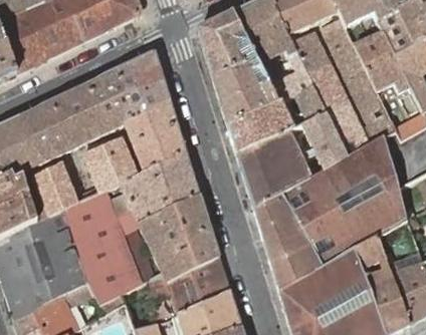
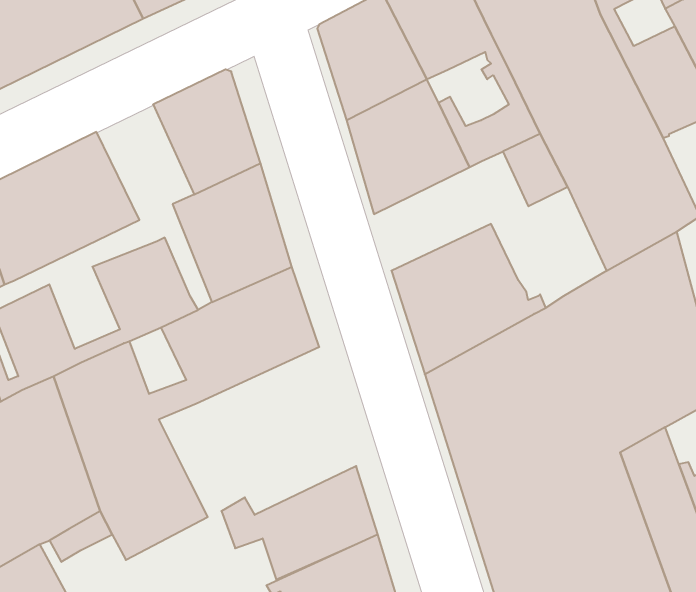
building: [85,69,136,128] -> none
building: [228,98,291,154] -> none
building: [303,111,348,168] -> none
building: [137,194,219,280] -> none

